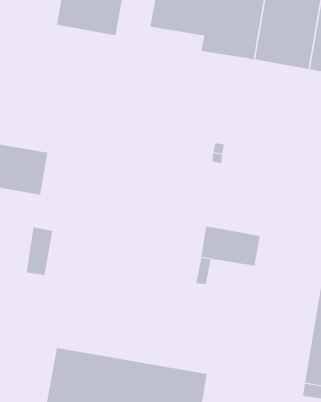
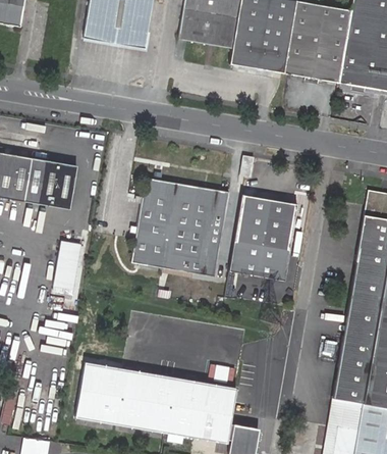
building: none -> [132,178,230,276]
building: none -> [235,194,298,249]

